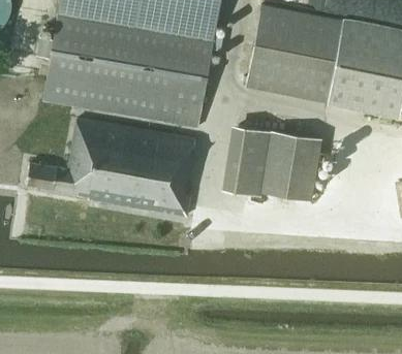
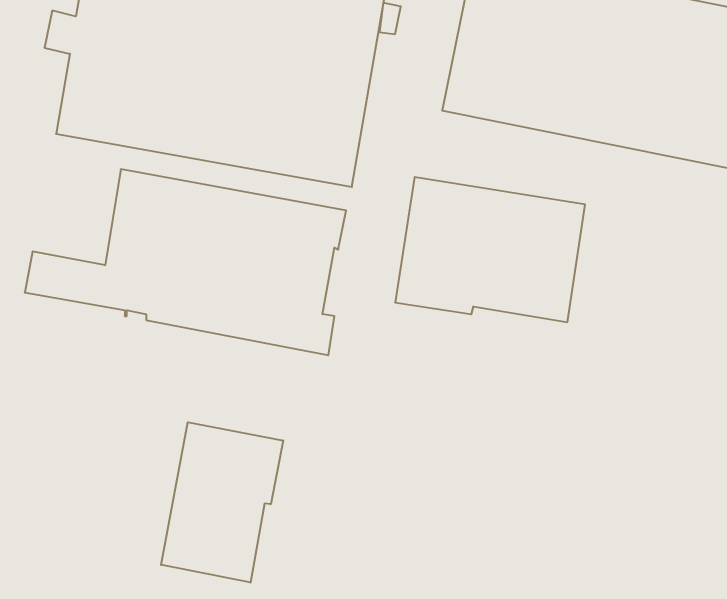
building: none -> [161,422,283,583]

